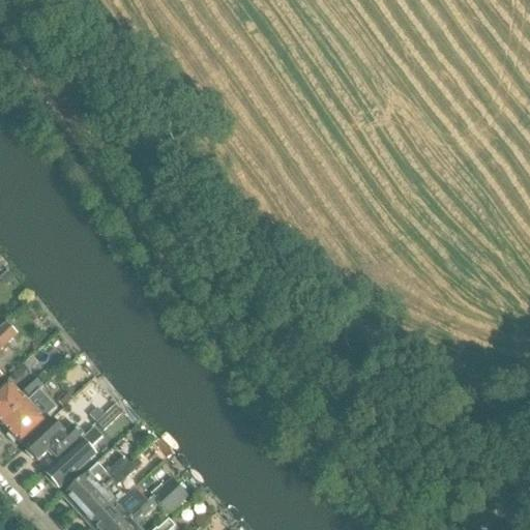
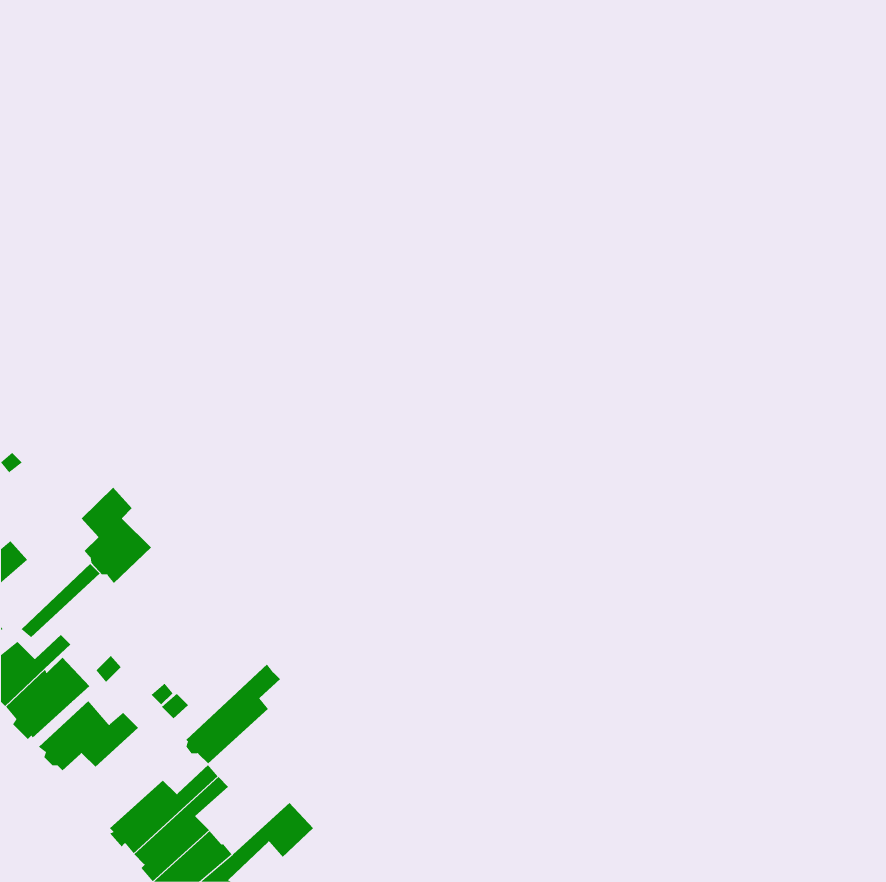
building: none -> [81,487,152,584]
building: [46,428,102,488] -> [186,664,281,764]

